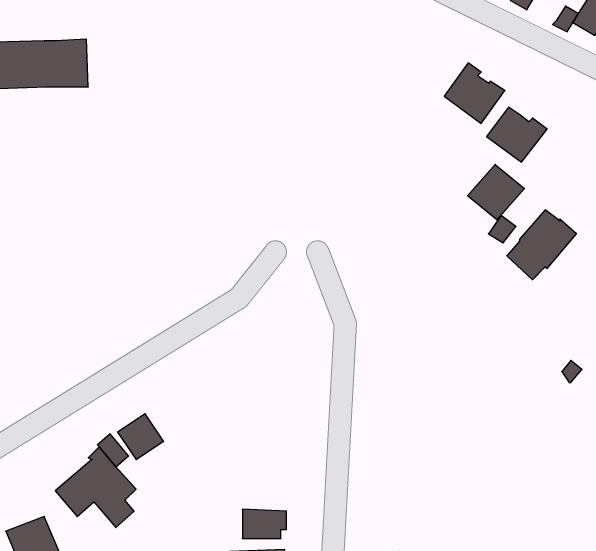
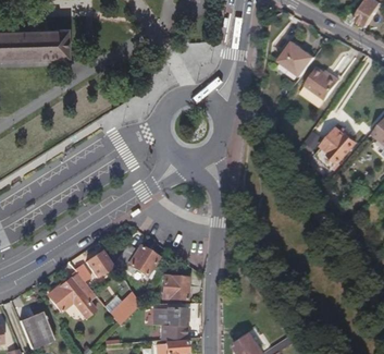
building: [468,164,524,220] -> none
building: none -> [121,245,159,279]
building: none -> [162,276,188,300]
building: none -> [111,291,141,325]

